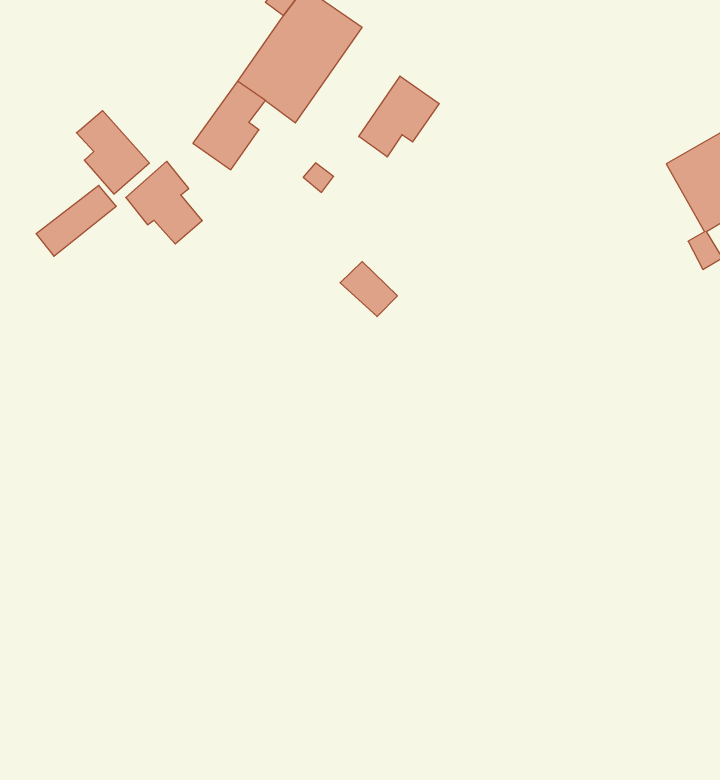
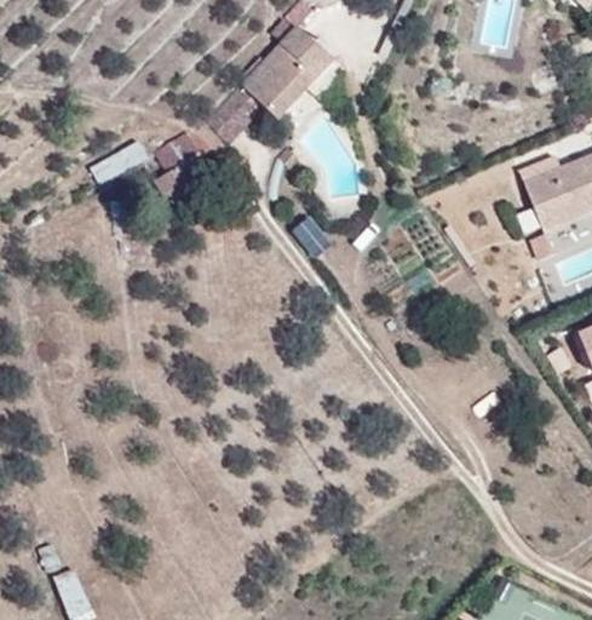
building: [359,76,439,157] -> none
building: [76,111,149,194] -> none

